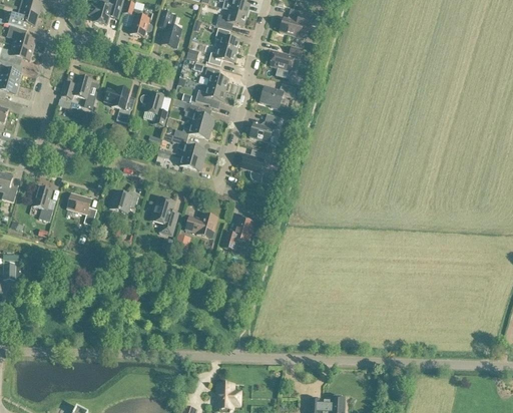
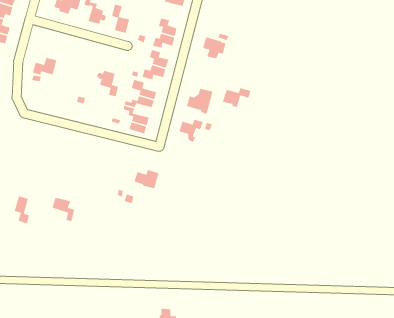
building: [215,10,246,29] -> none
building: [280,13,313,37] -> none
building: [260,83,296,108] -> [222,87,251,108]
building: [103,86,130,122] -> none
building: [33,185,53,222] -> [13,195,30,225]
building: [108,190,139,213] -> none
building: [67,193,96,225] -> [52,197,75,222]
building: [150,197,178,235] -> none
building: [222,218,253,250] -> none

